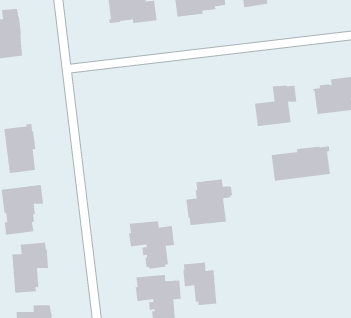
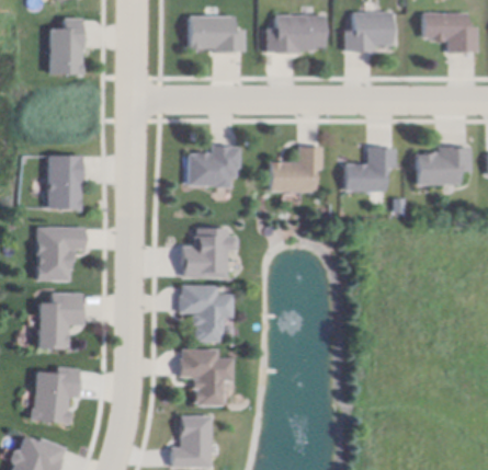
building: none -> [270,146,321,191]
building: none -> [188,146,239,187]
building: [271,146,330,181] -> none
building: [186,179,233,225] -> [181,228,237,278]
building: [183,262,217,306] -> none

